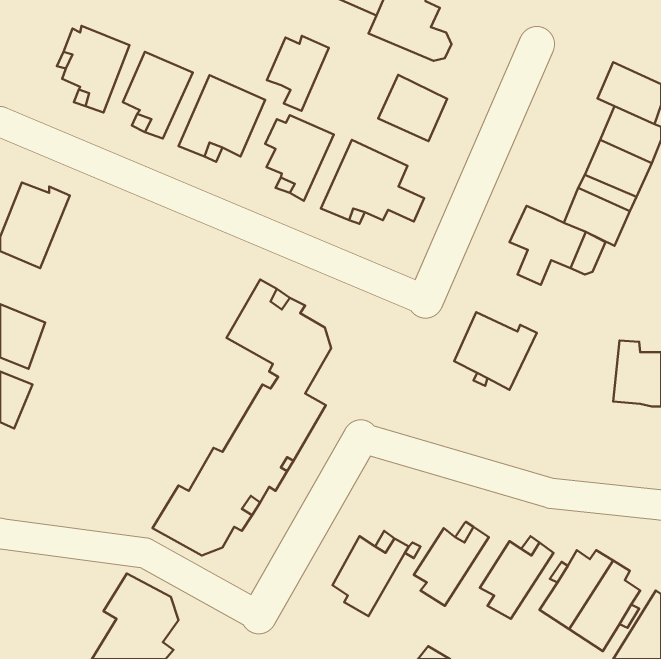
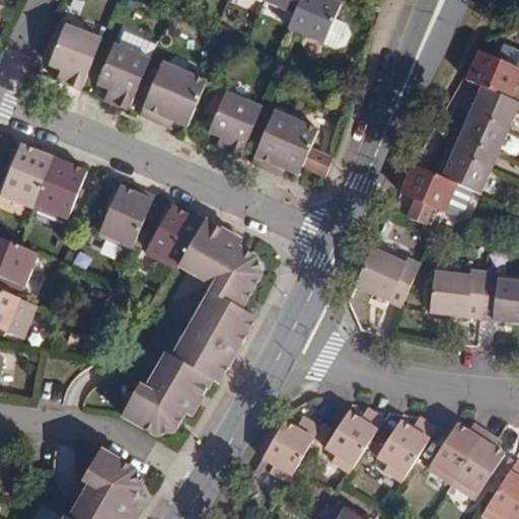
building: [267,36,329,111] -> none
building: [378,75,447,141] -> none
building: none -> [31,153,85,224]
building: none -> [96,189,154,252]
building: none -> [142,211,204,275]
building: none -> [433,265,486,314]

